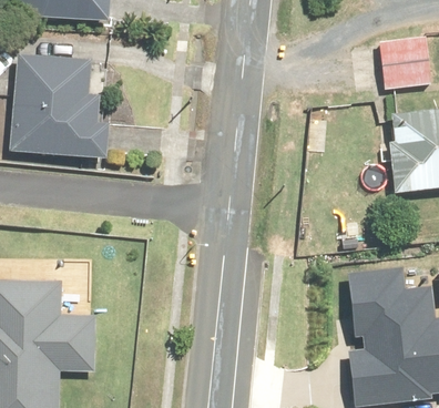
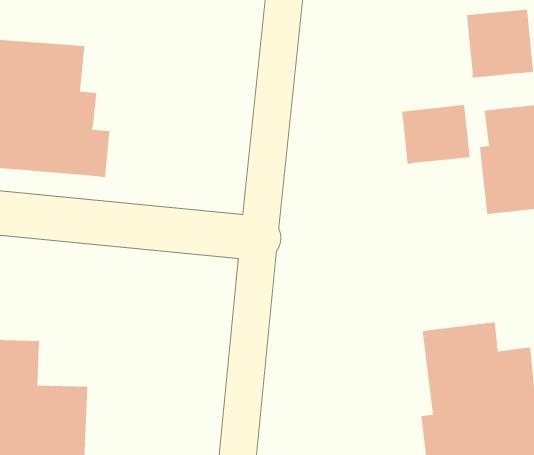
building: none -> [402,104,470,165]

